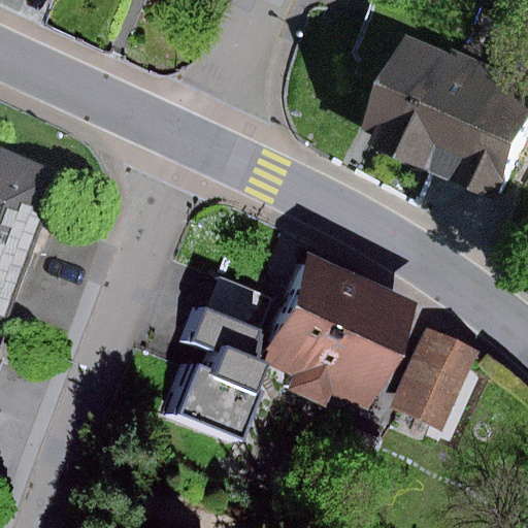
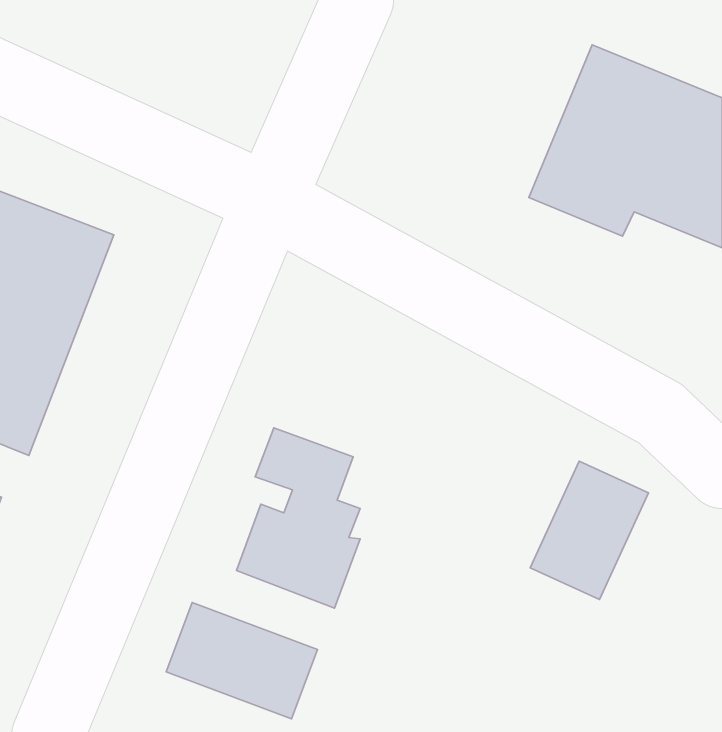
building: [261,272,400,405] -> none
building: none -> [166,603,318,719]

